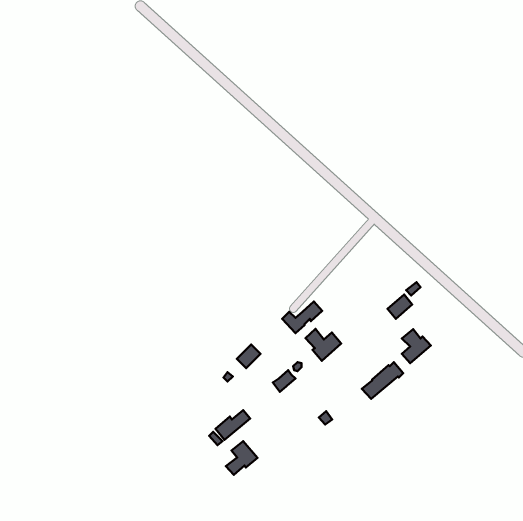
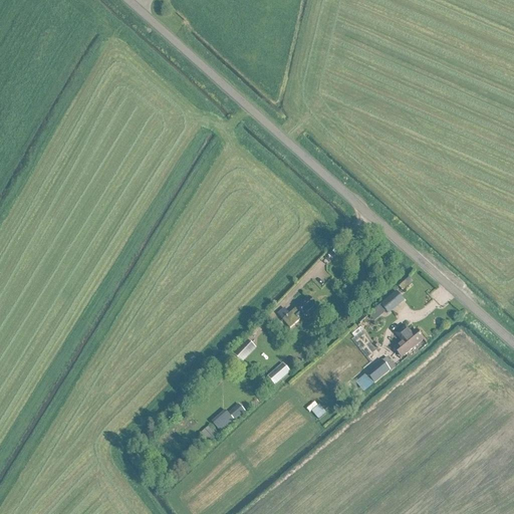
building: [305,329,341,361] -> none
building: [226,441,257,475] -> none

